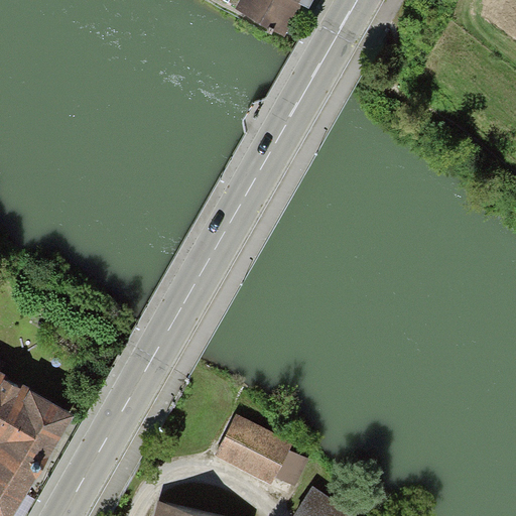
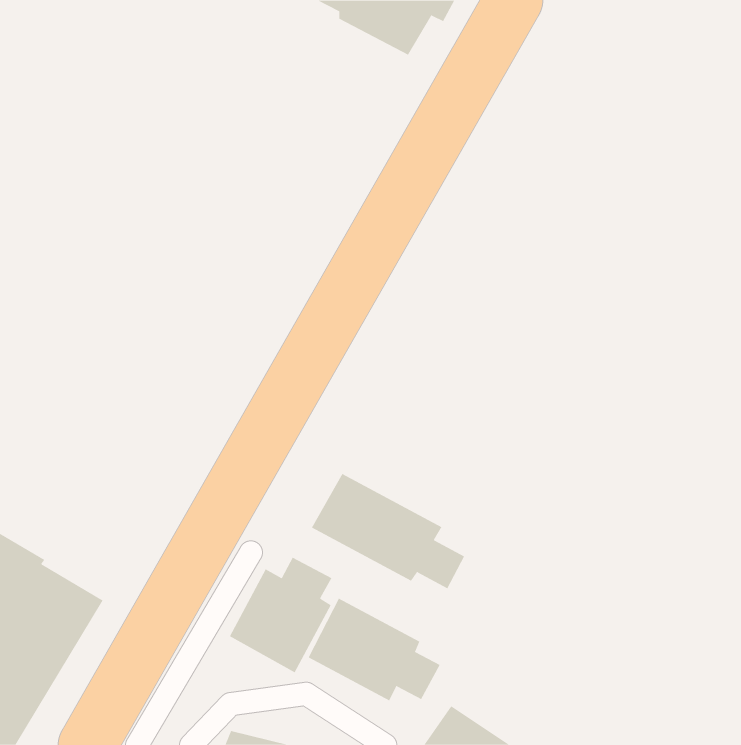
building: none -> [311,473,465,589]
building: none -> [229,557,332,673]

